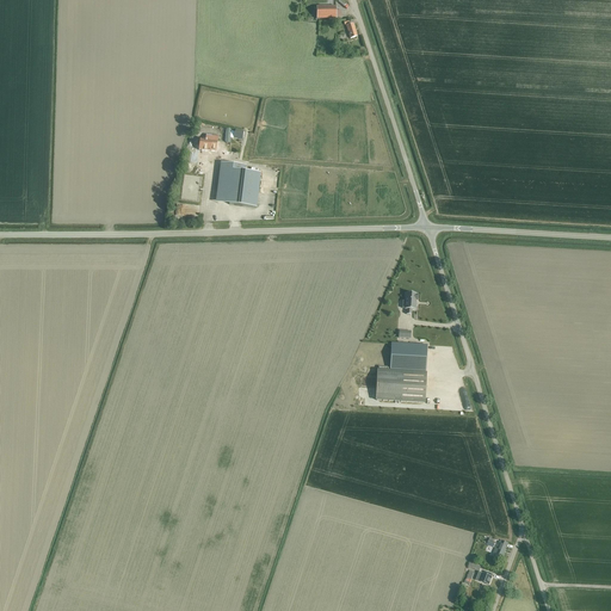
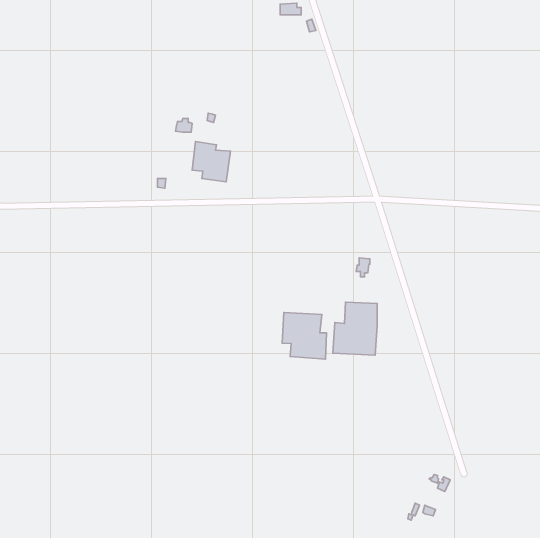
building: none -> [282,313,326,359]

